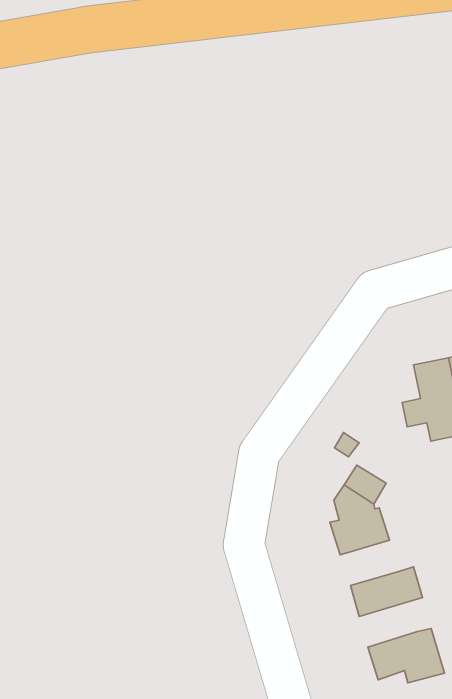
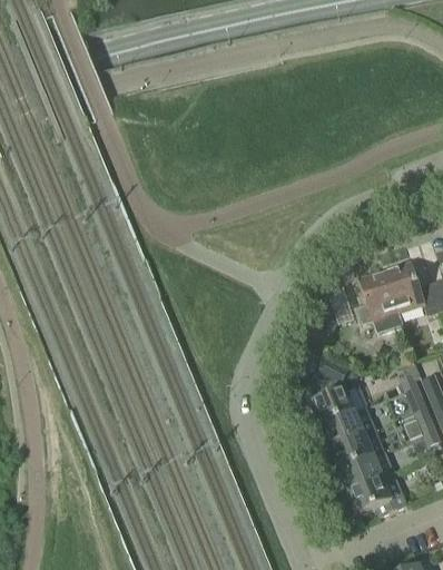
building: none -> [321,405,376,446]
building: none -> [339,450,394,491]

